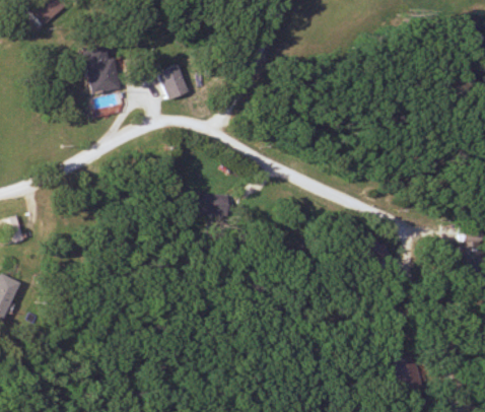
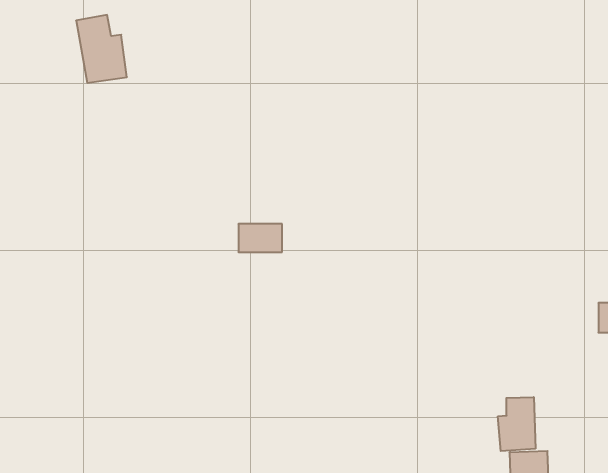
building: [157,64,189,99] -> none
building: none -> [498,397,535,451]

